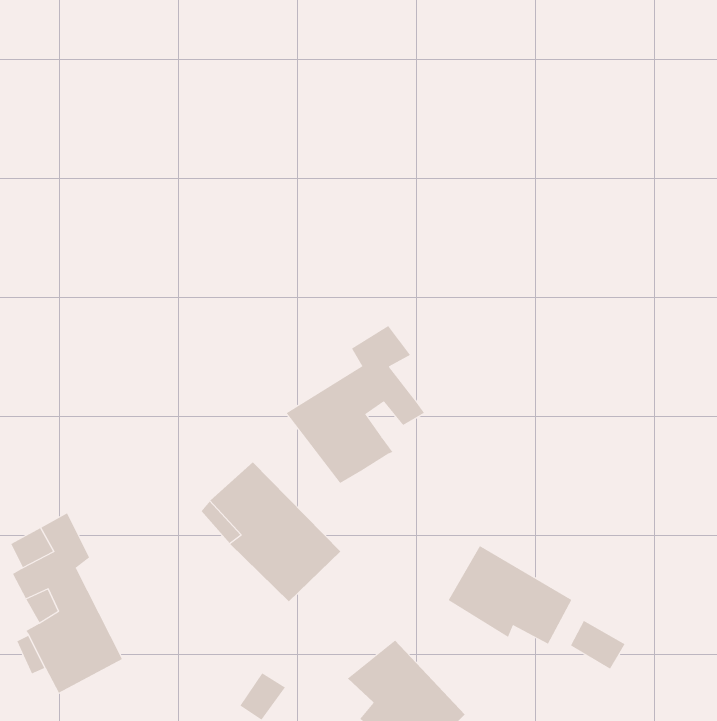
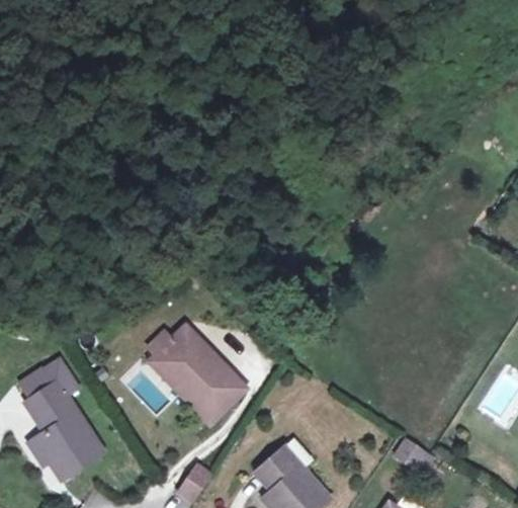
building: [286,325,425,484] -> none
building: [448,545,572,645] -> none

